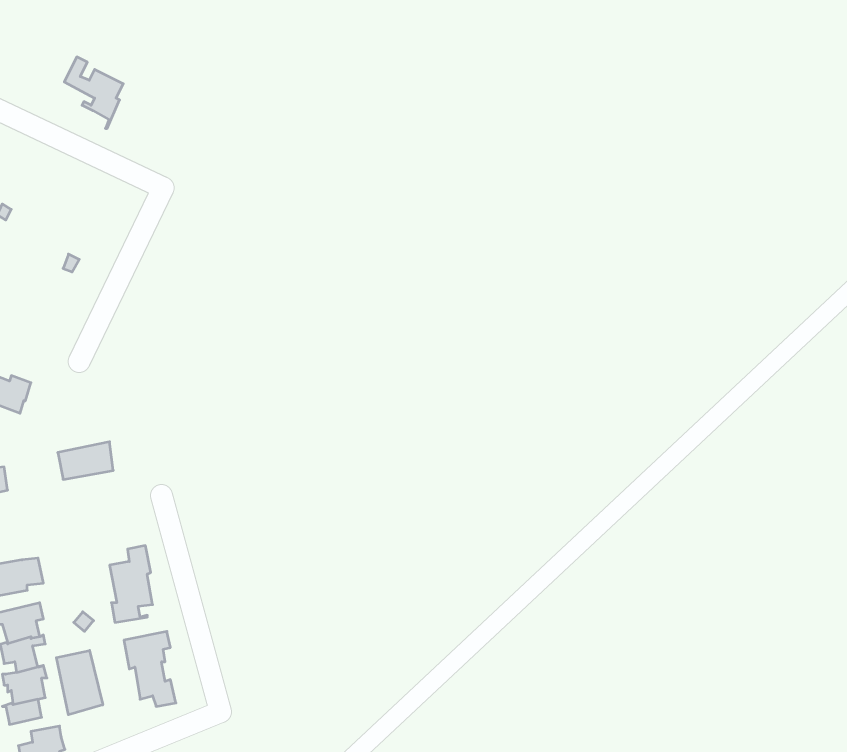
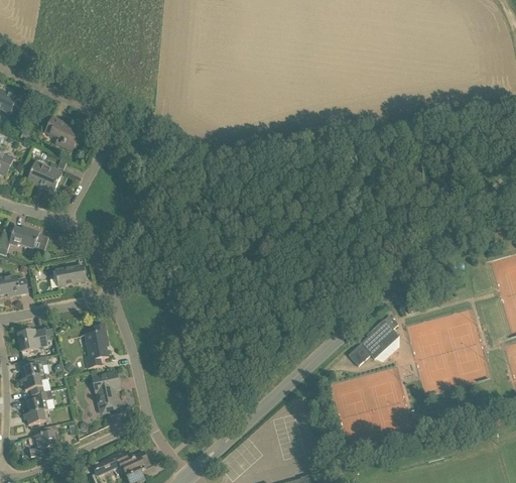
building: [64,57,123,128] -> [44,116,78,156]
building: none -> [27,163,61,192]
building: none -> [348,314,398,365]
building: [56,650,103,715] -> none

